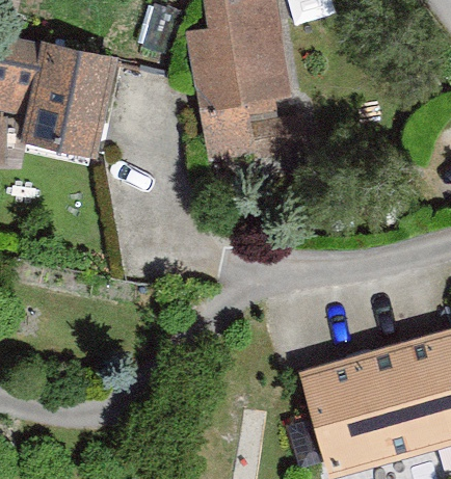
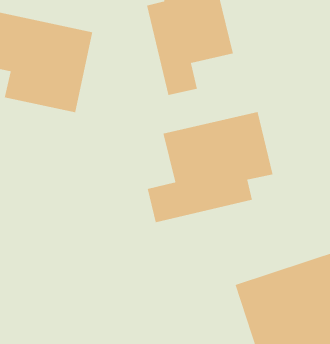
building: none -> [147,111,273,223]

